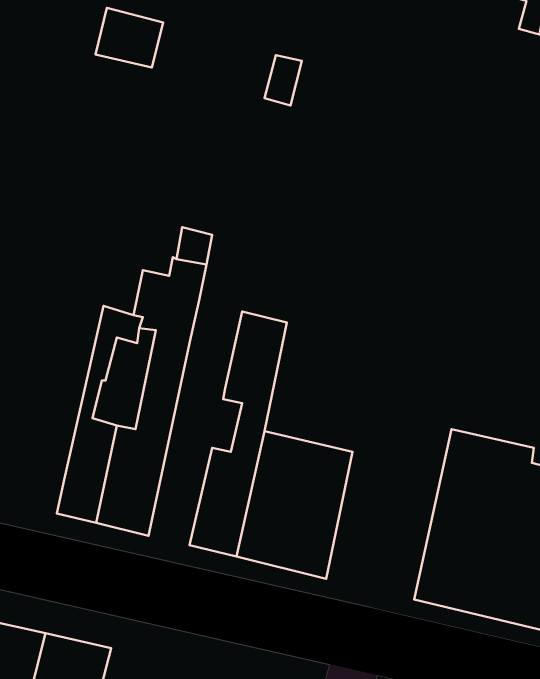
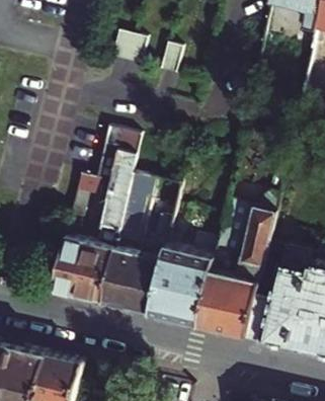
building: [96,8,163,68] -> [113,28,150,61]
building: none -> [197,194,276,336]
building: none -> [101,197,143,307]

